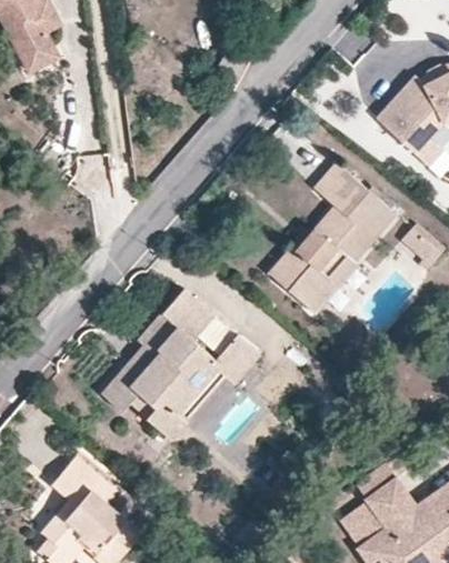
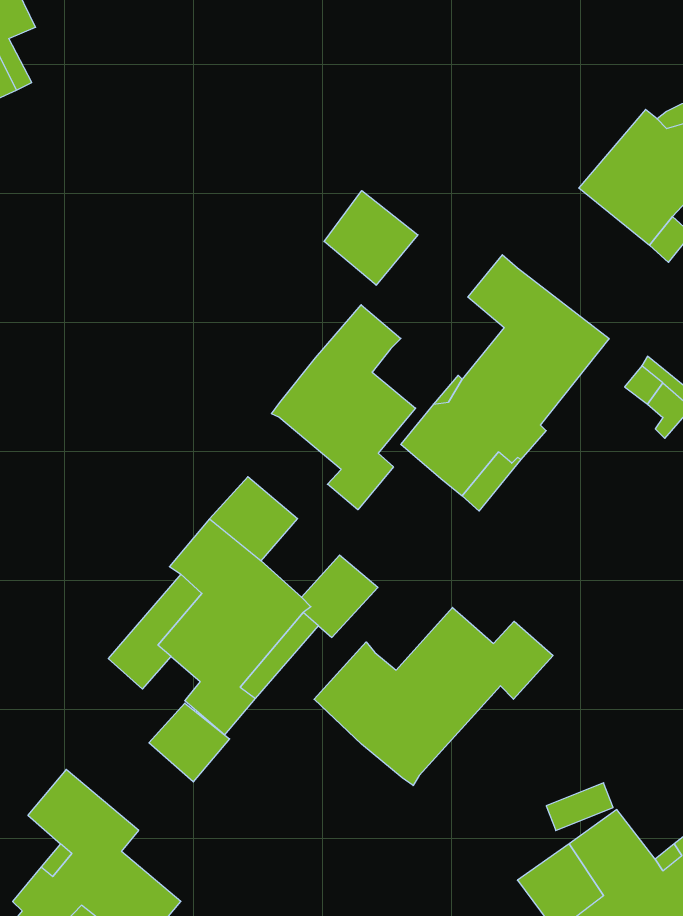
building: none -> [324,191,418,285]
building: none -> [271,305,416,510]
building: none -> [314,607,553,786]
building: none -> [149,703,230,782]

